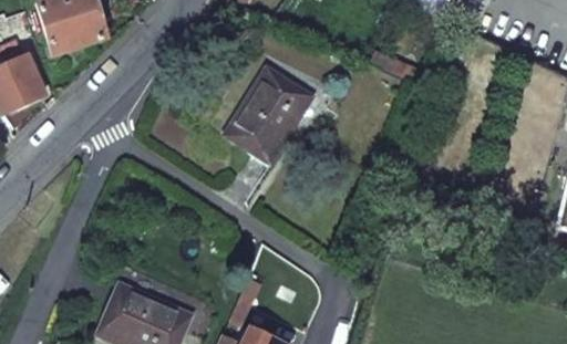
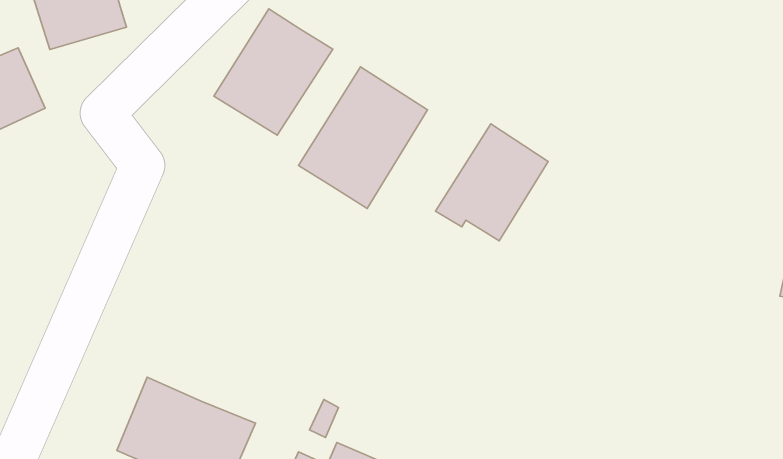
building: none -> [214,9,333,135]
building: none -> [436,124,548,241]

